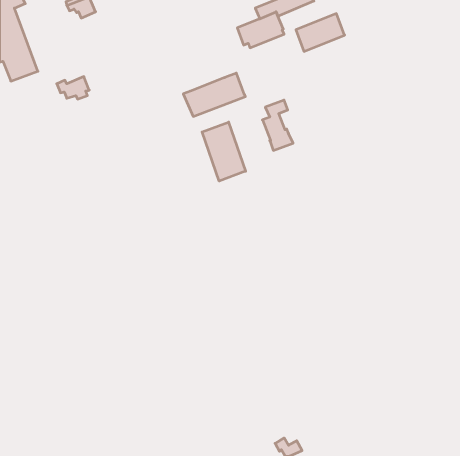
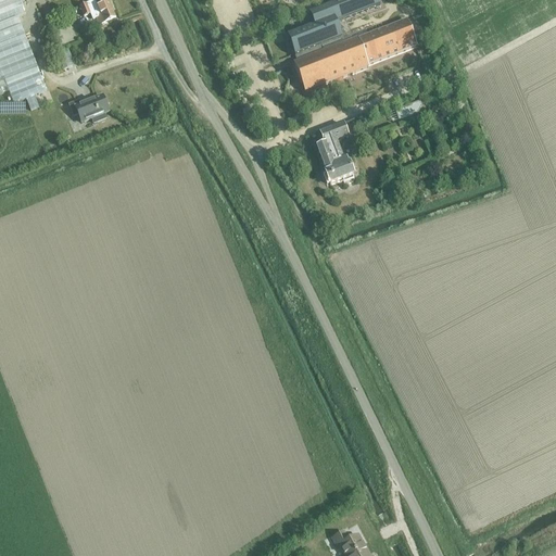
building: [183,73,245,116] -> [292,36,367,88]
building: [202,122,246,181] -> none

